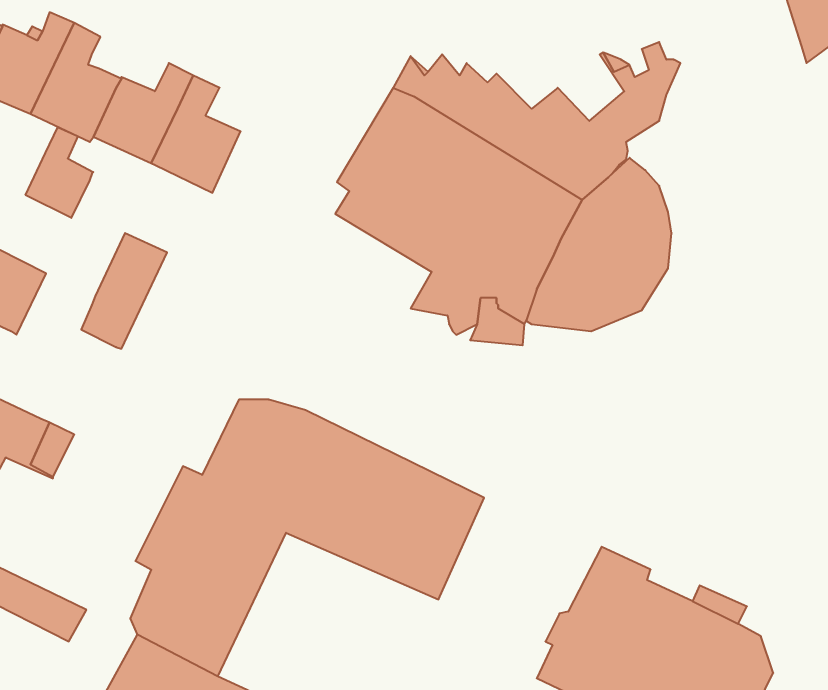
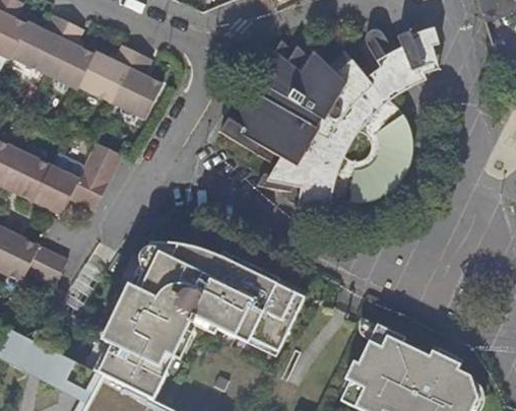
building: none -> [387,28,437,100]
building: [26,127,93,218] -> none
building: none -> [34,166,79,215]

